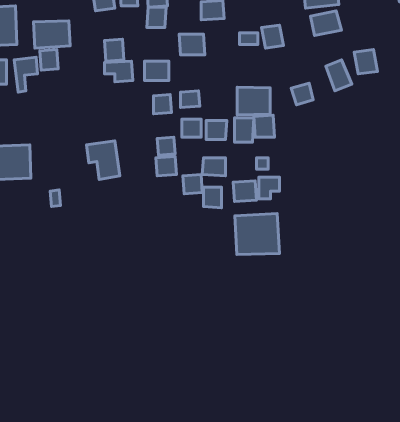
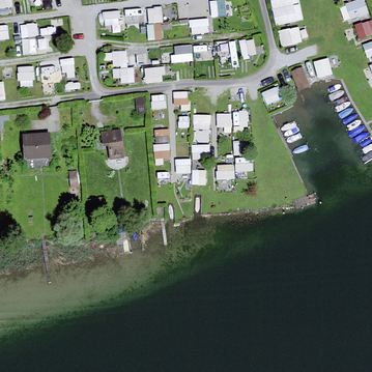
building: [34,21,70,48] -> none
building: [237,87,270,115] -> none
building: [235,213,280,254] -> none

